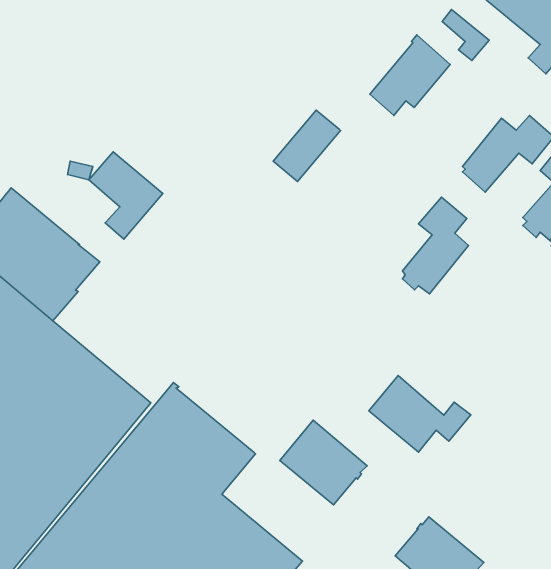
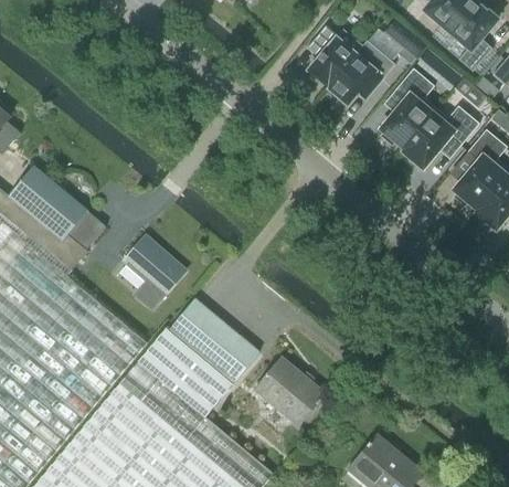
building: [273,110,340,181] -> [307,30,362,88]
building: [89,152,163,239] -> [124,236,184,308]
building: [403,197,468,294] -> [381,68,435,148]
building: none -> [168,299,258,383]
building: [369,376,471,452] -> none

